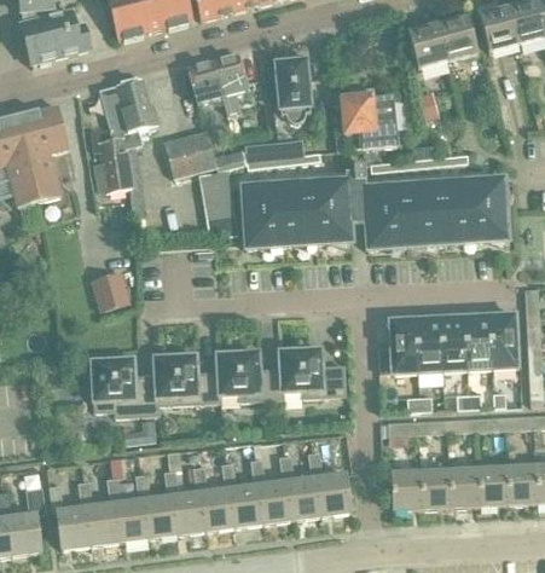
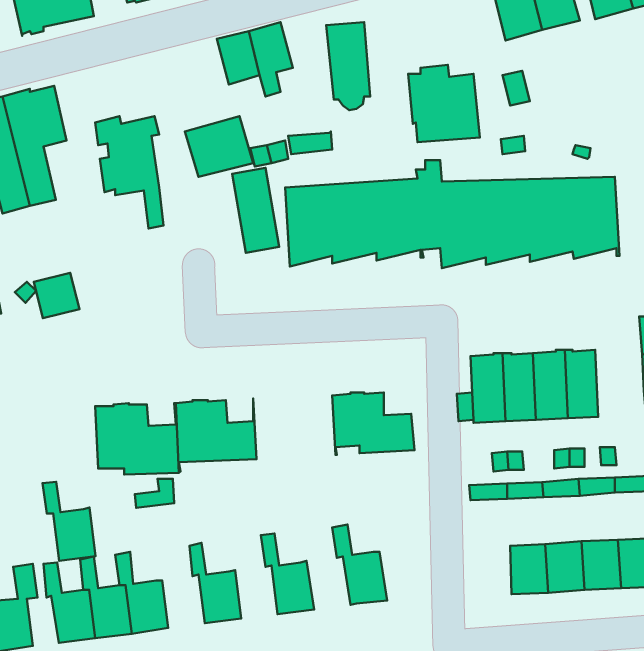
building: [99,77,157,134] -> none
building: [92,272,128,308] -> [34,273,79,318]
building: [488,312,516,367] -> none
building: [216,351,282,401] -> none
building: [309,450,352,514] -> none
building: [251,457,294,521] -> none
building: [193,464,236,528] -> none
building: [390,470,422,510] -> none
building: [135,473,178,536] -> [42,482,96,561]

